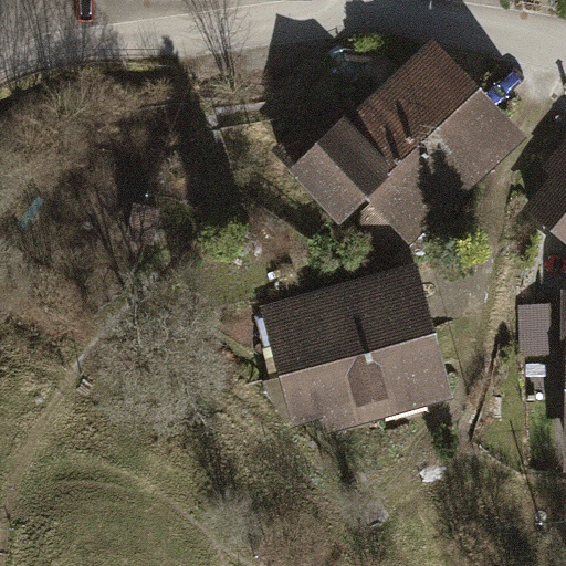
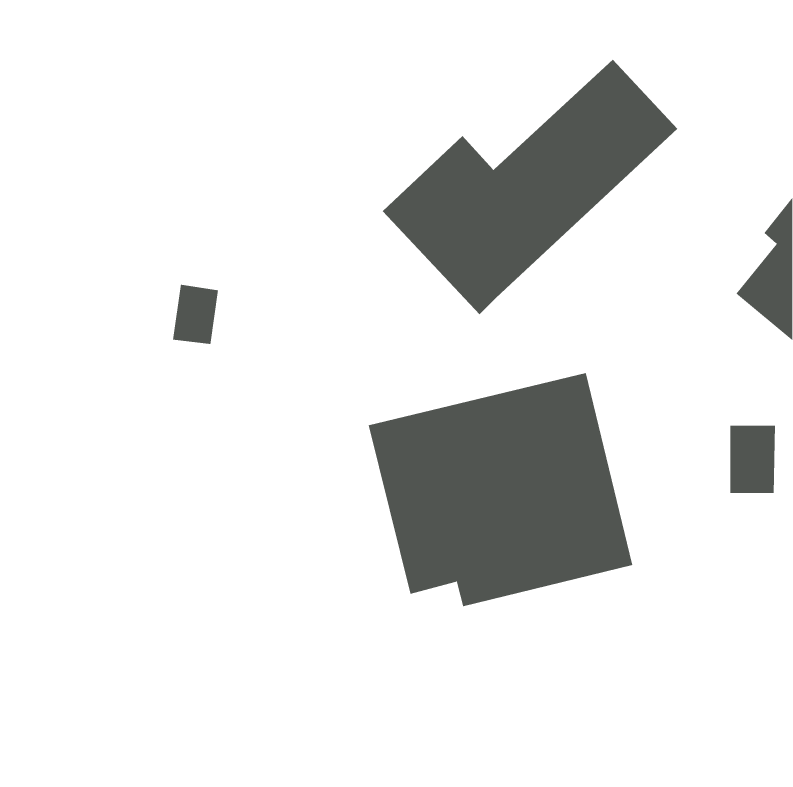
building: [354,92,521,252] -> none

